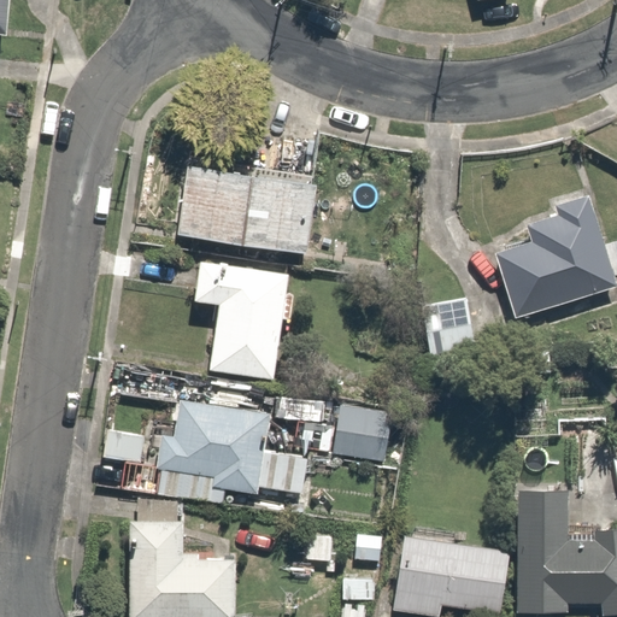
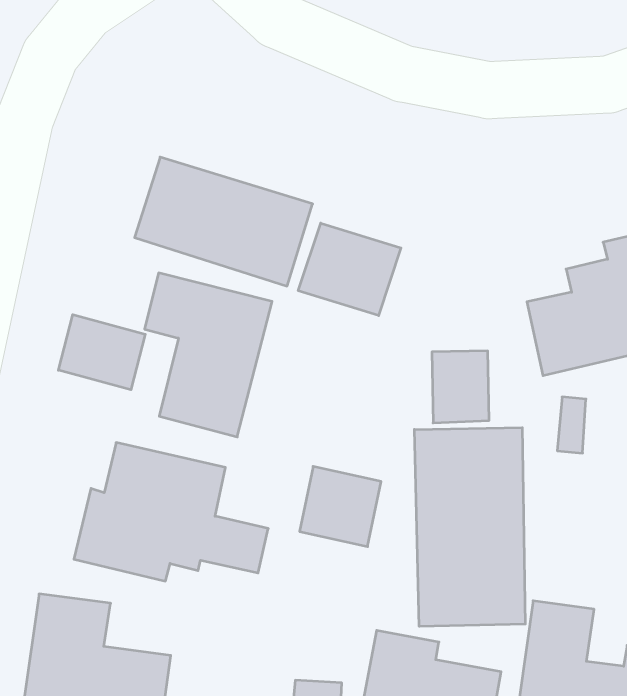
building: none -> [298,223,401,316]
building: none -> [58,315,145,390]
building: none -> [414,428,525,626]

